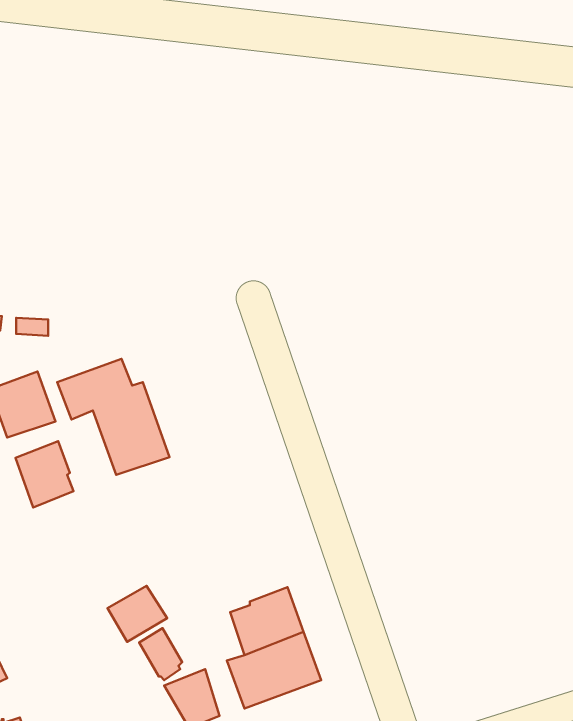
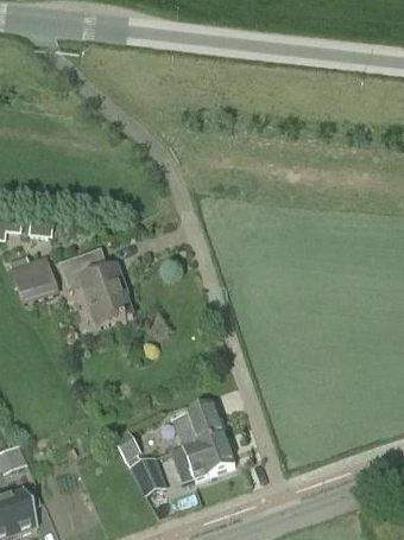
building: [16,441,74,508] -> none
building: [108,586,167,642] -> none

